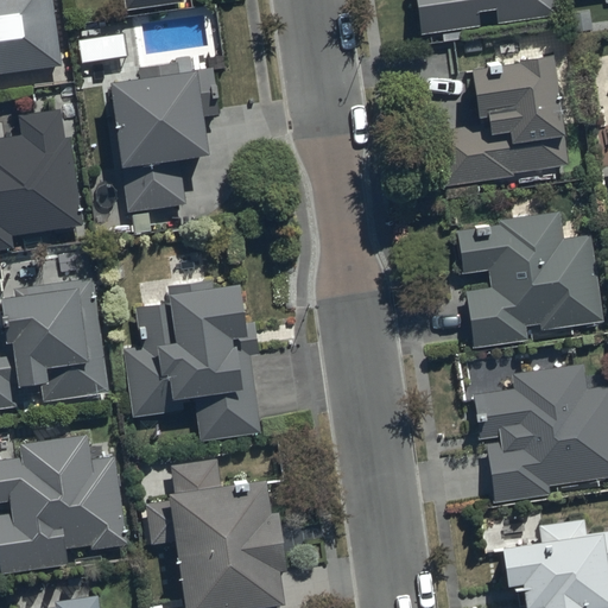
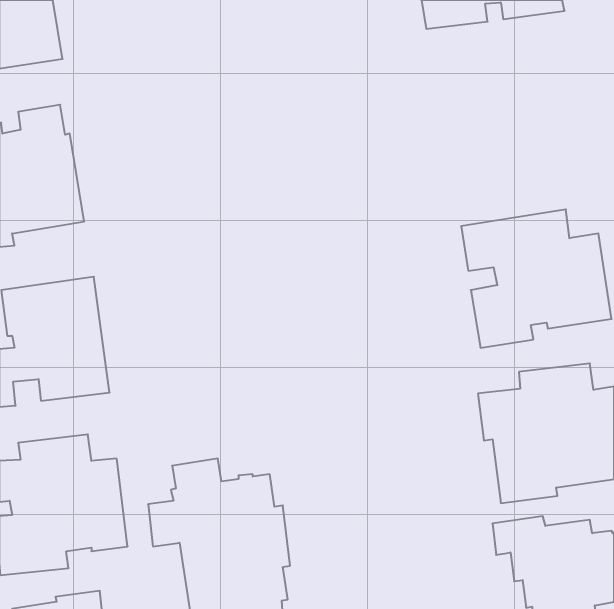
building: [433,50,568,183] -> none
building: [110,61,220,238] -> none
building: [122,278,260,442] -> none

